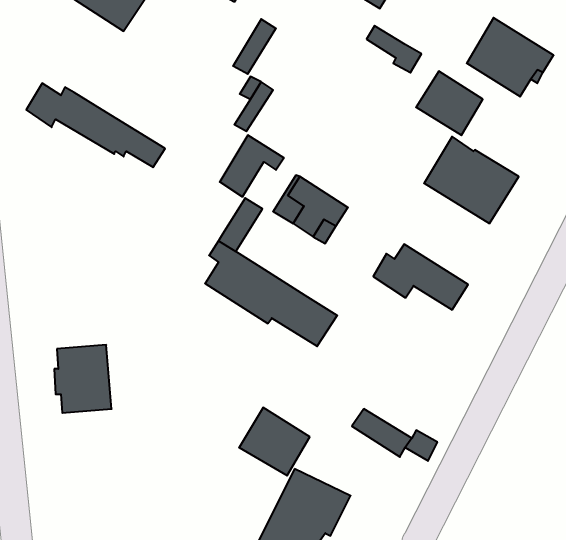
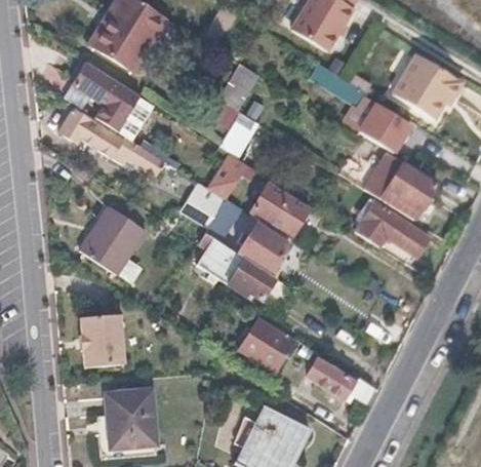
building: none -> [71,65,137,131]
building: none -> [184,184,227,227]
building: none -> [79,206,145,275]
building: none -> [239,223,291,274]
building: [373,244,468,310] -> [356,204,429,255]
building: [239,408,310,476] -> [238,319,292,372]
building: none -> [107,390,157,447]

